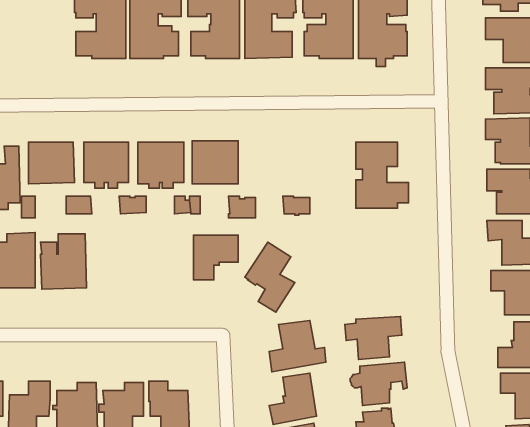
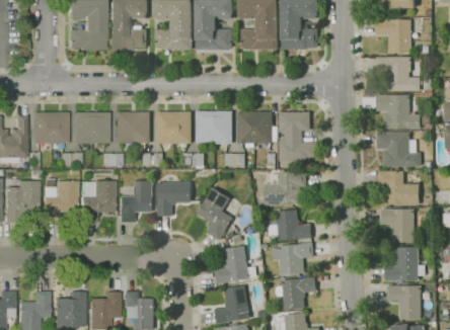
building: none -> [196,111,232,144]
building: none -> [237,111,277,155]
building: none -> [265,170,306,204]
building: none -> [79,181,115,223]
building: none -> [119,181,152,223]
building: none -> [268,210,311,240]

